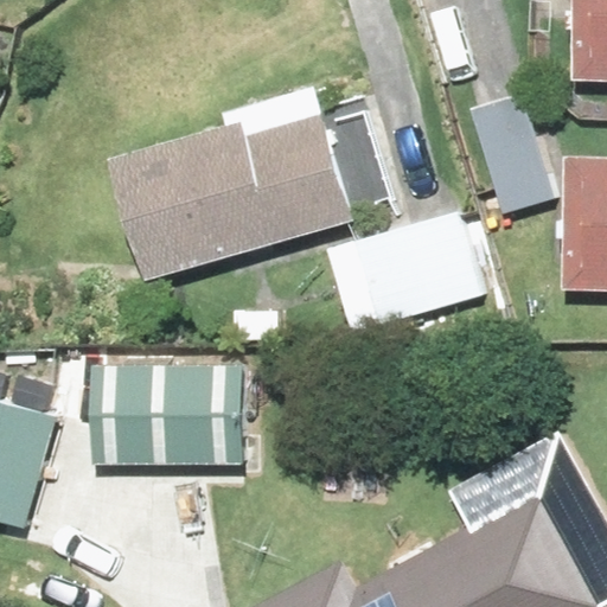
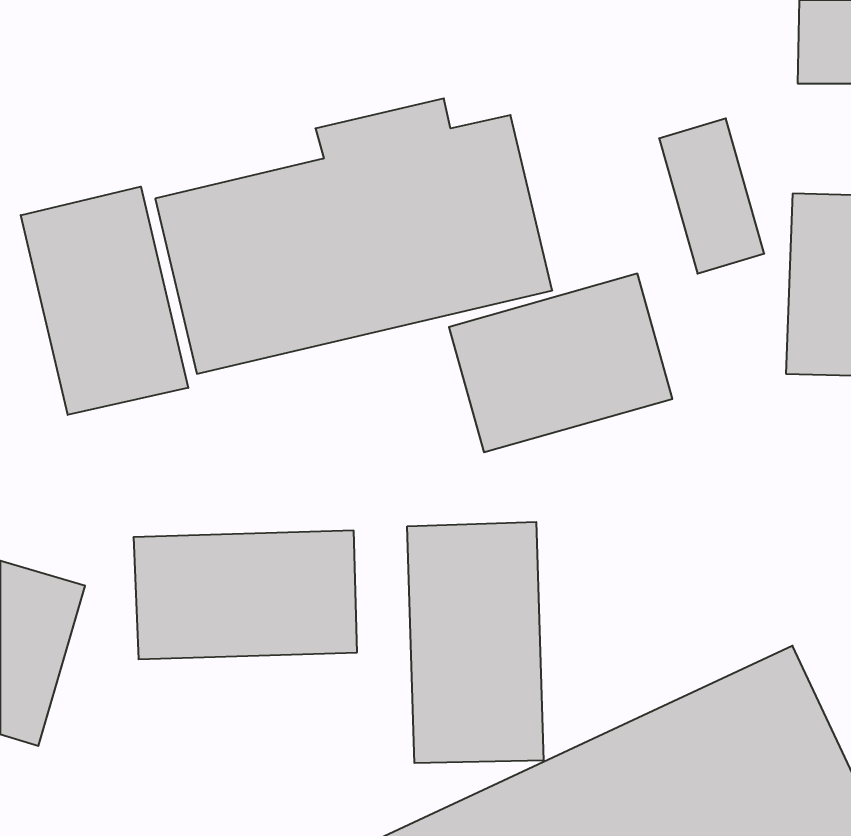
building: none -> [21,187,188,415]
building: none -> [407,522,543,763]

